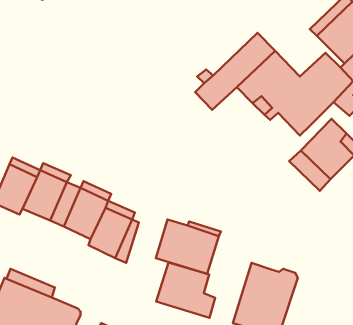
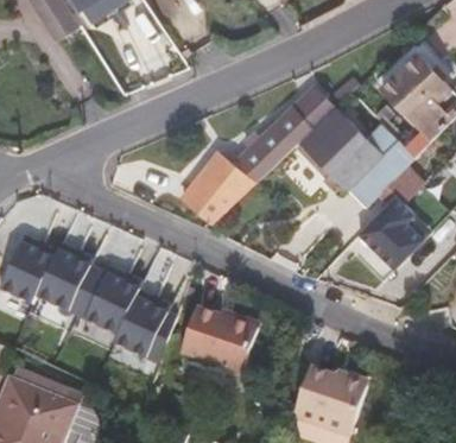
building: none -> [183,152,256,220]
building: [156,262,215,318] -> none

